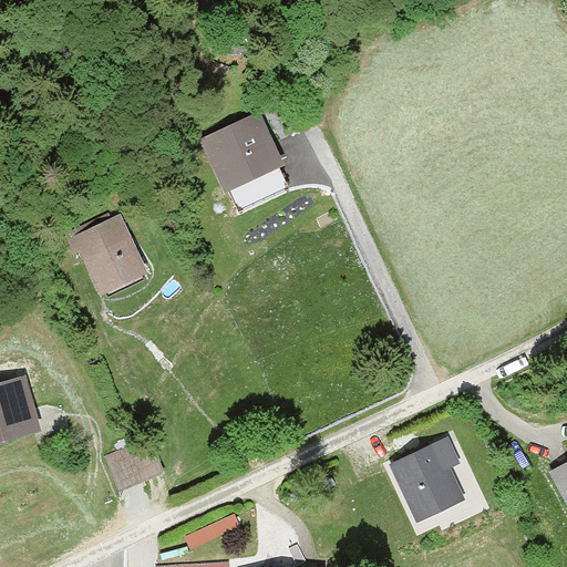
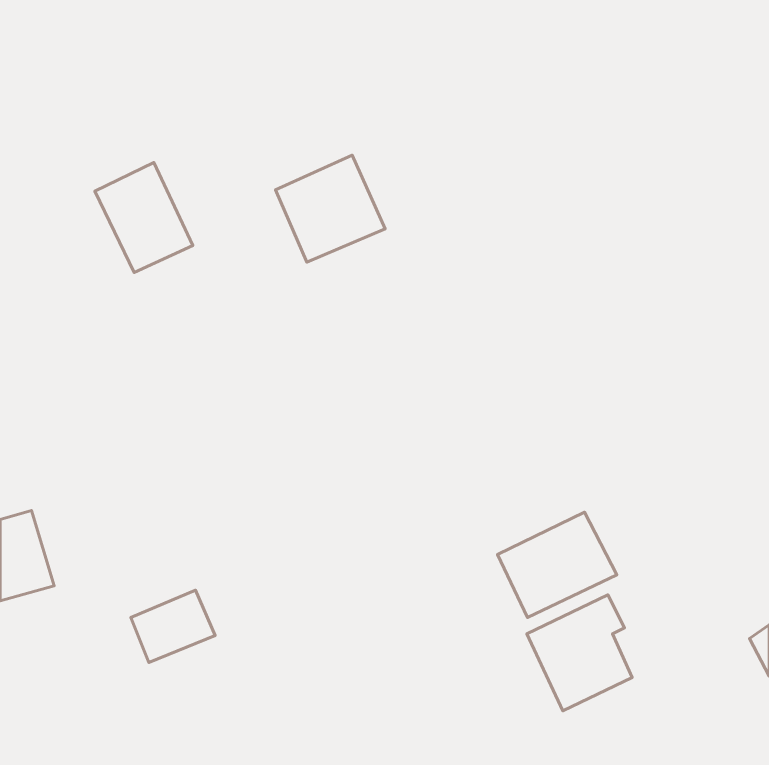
building: [74,214,146,295] -> [95,163,193,272]
building: none -> [498,512,617,618]

